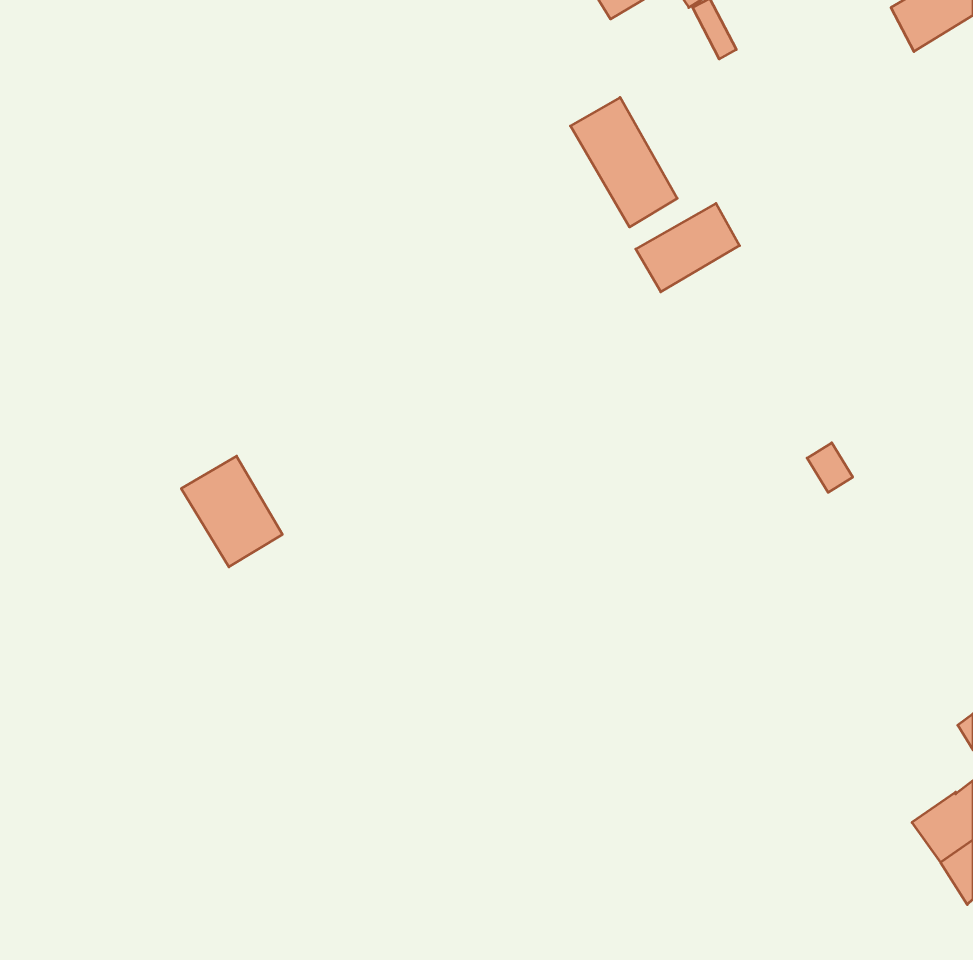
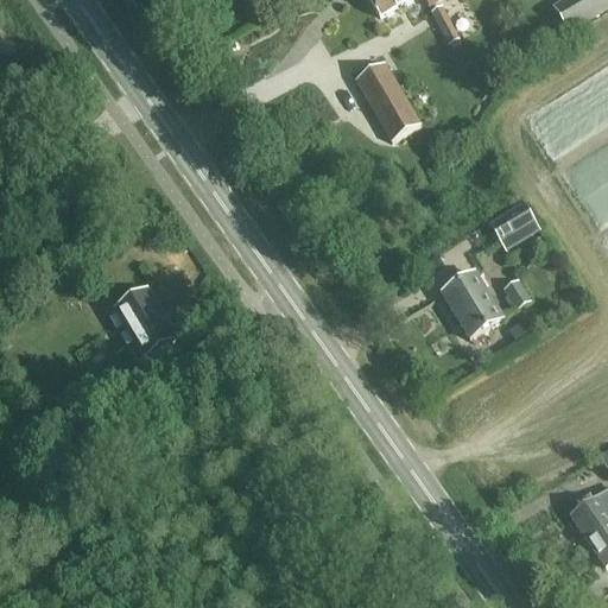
building: [636,203,740,292] -> none
building: none -> [490,200,539,246]
building: none -> [442,270,502,335]

